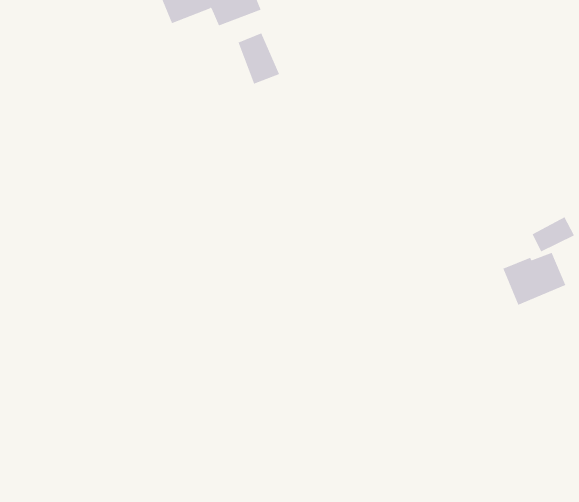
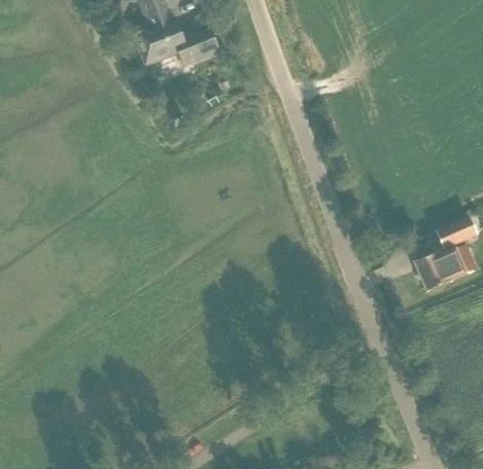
building: [238,33,280,85] -> none

